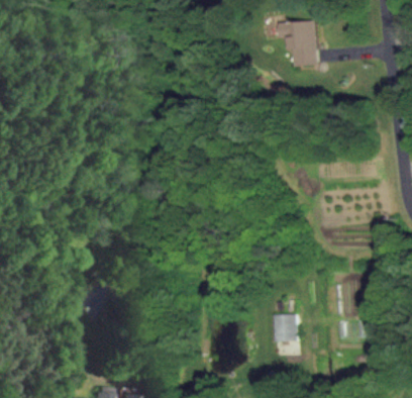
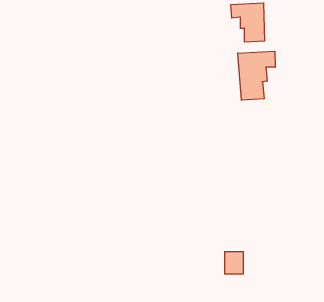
building: none -> [238,51,275,100]

